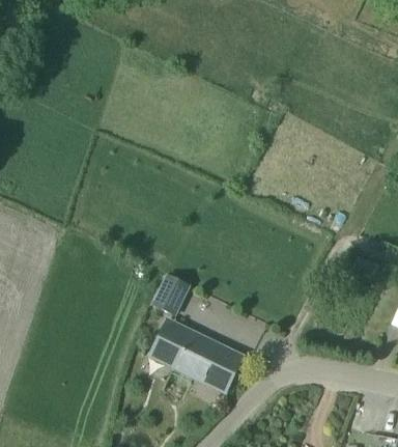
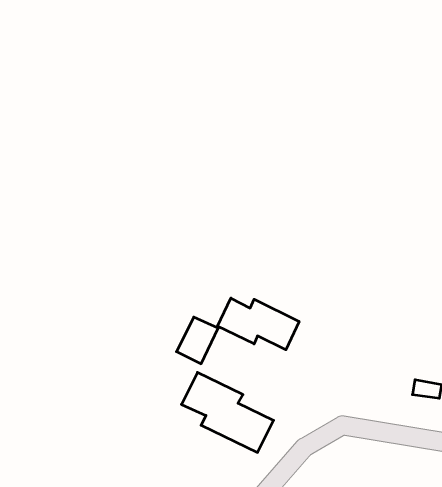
building: none -> [218,298,299,350]

